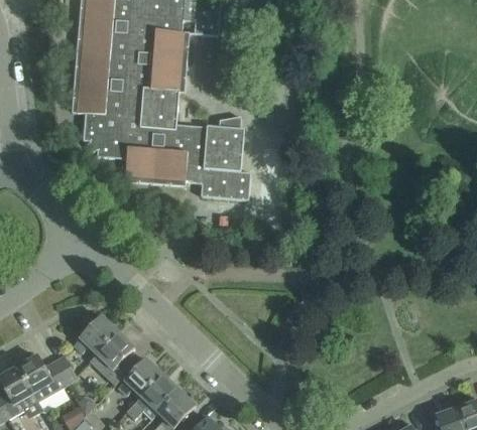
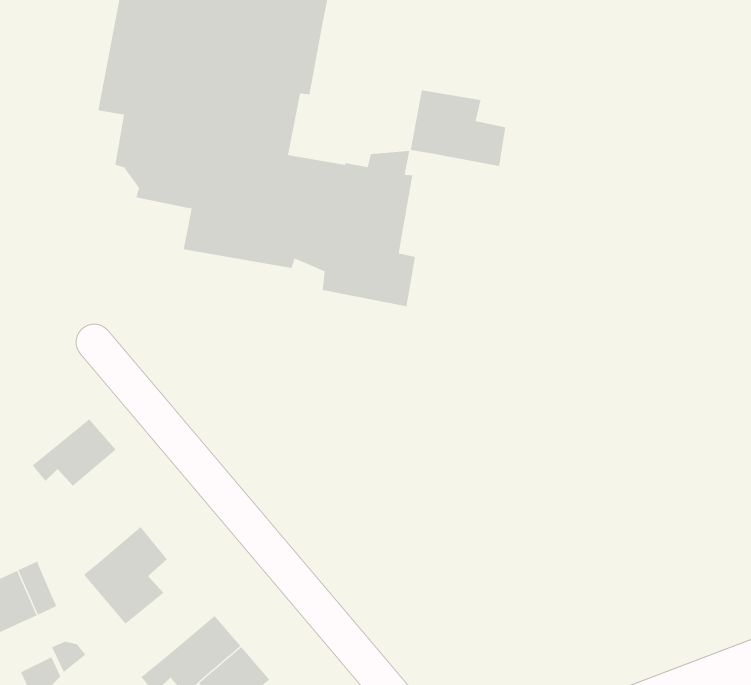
building: none -> [410,89,506,167]
building: [74,316,118,353] -> [32,419,116,487]
building: [118,359,162,397] -> none

